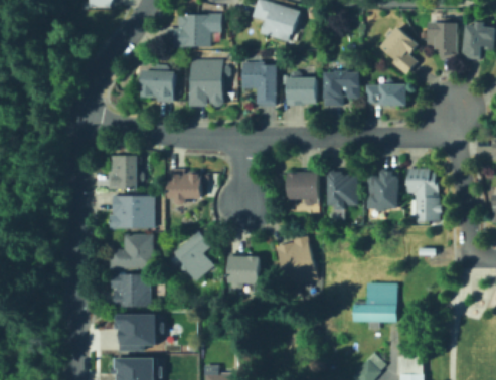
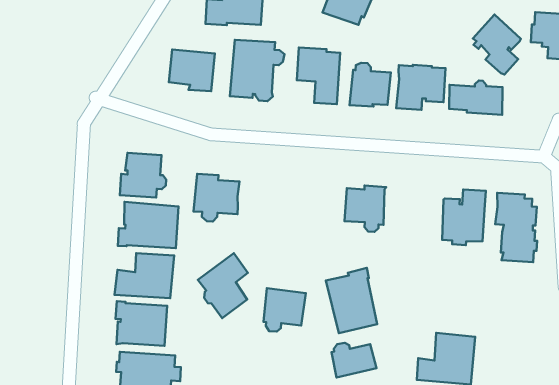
building: [326,169,358,217] -> none
building: none -> [332,343,376,377]

